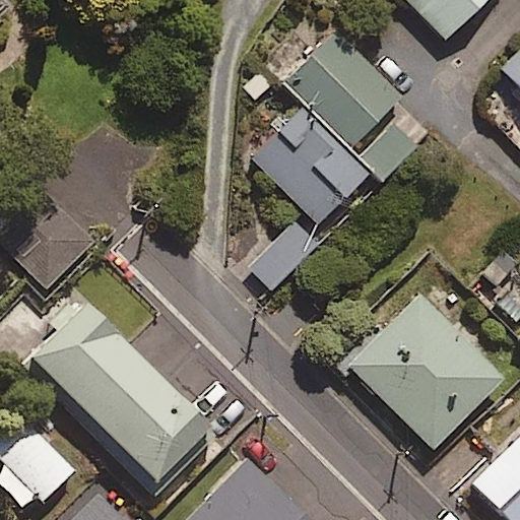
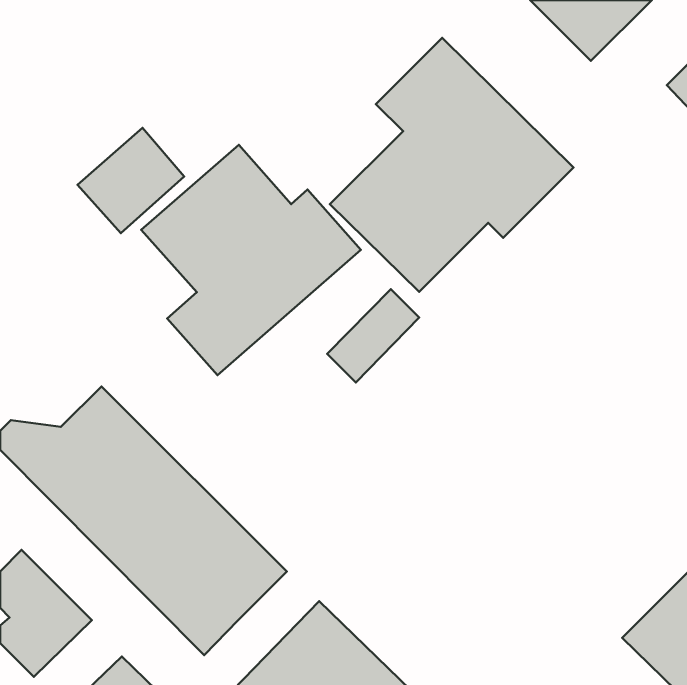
building: none -> [141,145,361,375]
building: [13,208,93,287] -> [77,128,184,233]
building: [347,290,504,448] -> none

